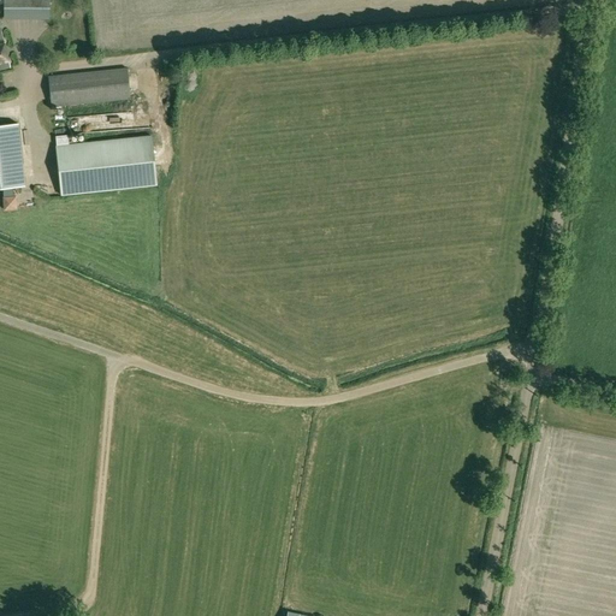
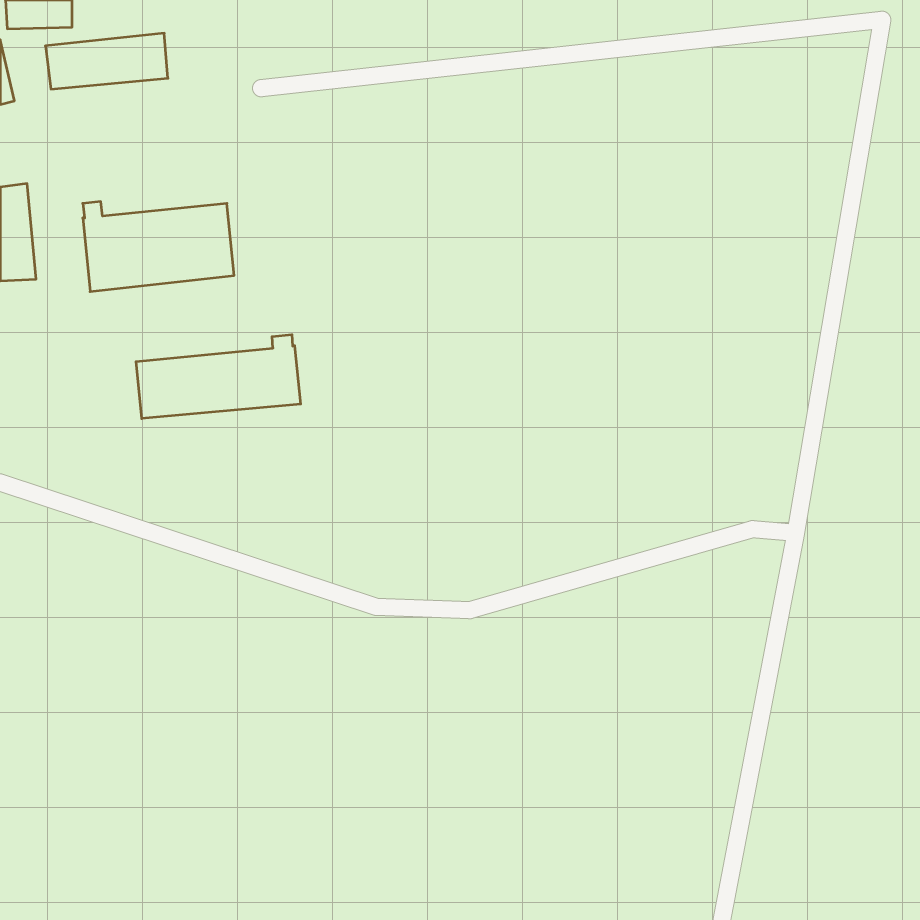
building: [48,69,130,106] -> [45,33,168,89]
building: none -> [136,335,301,419]

